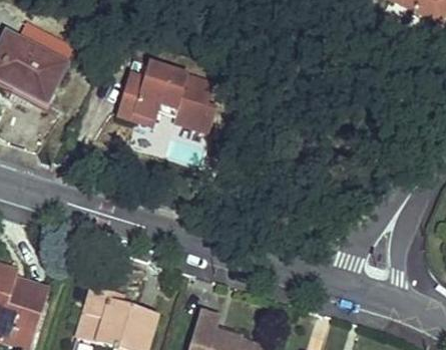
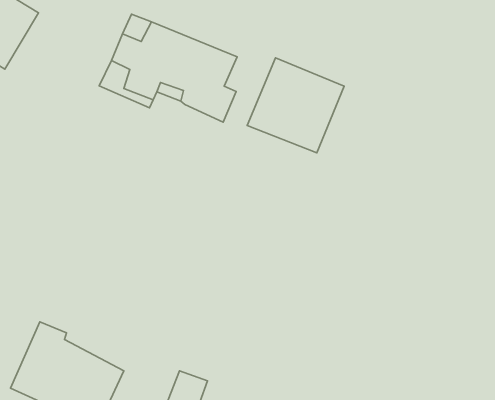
building: none -> [247,58,344,153]

